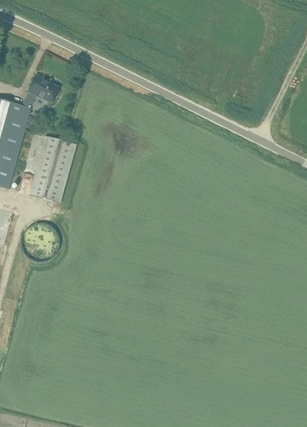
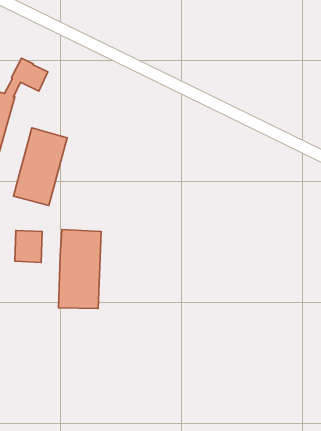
building: none -> [59,230,101,309]

